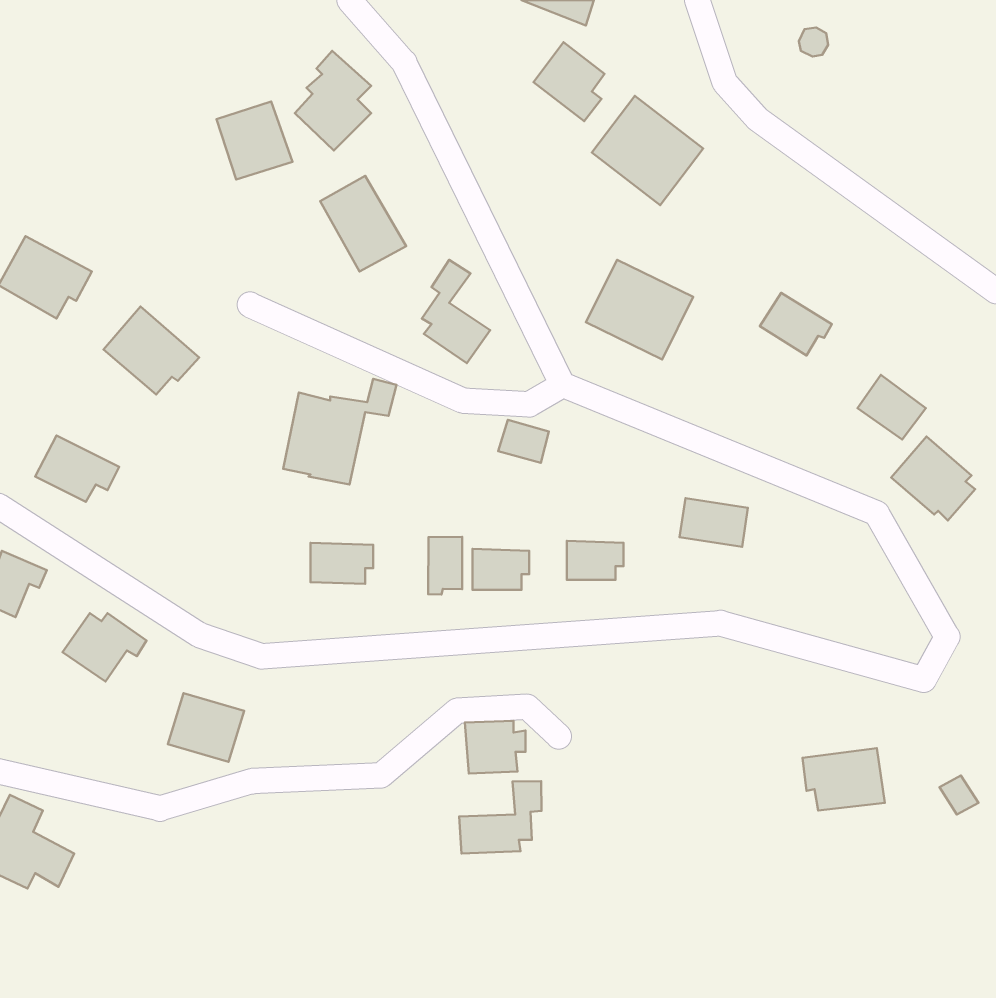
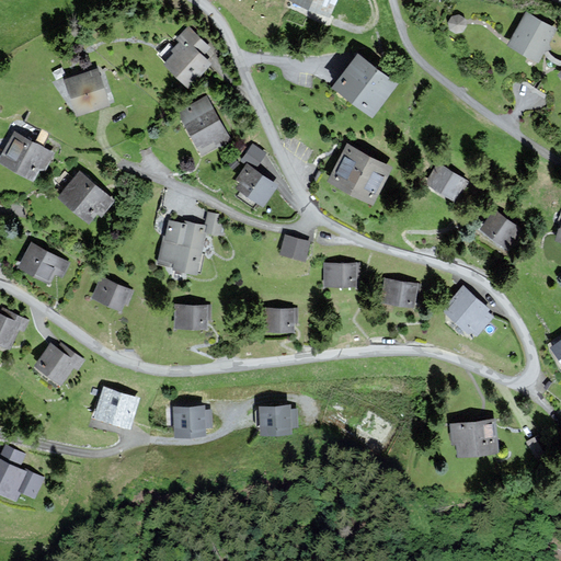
building: none -> [510,14,553,59]
building: [534,42,604,121] -> none
building: [216,101,293,180] -> [65,70,107,114]
building: [891,437,975,520] -> [443,287,490,334]
building: none -> [93,278,131,309]
building: [428,537,462,595] -> none
building: [567,541,623,580] -> [325,263,357,285]
building: none -> [174,407,209,436]
building: [459,781,542,853] -> none

